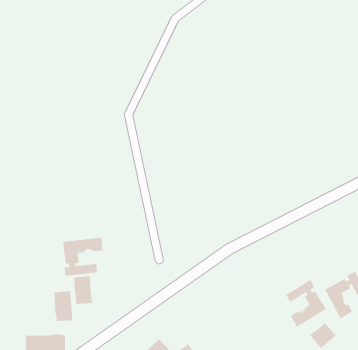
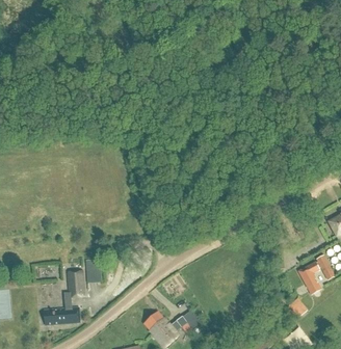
building: [63,237,103,277] -> none
building: [285,280,327,328] -> none

